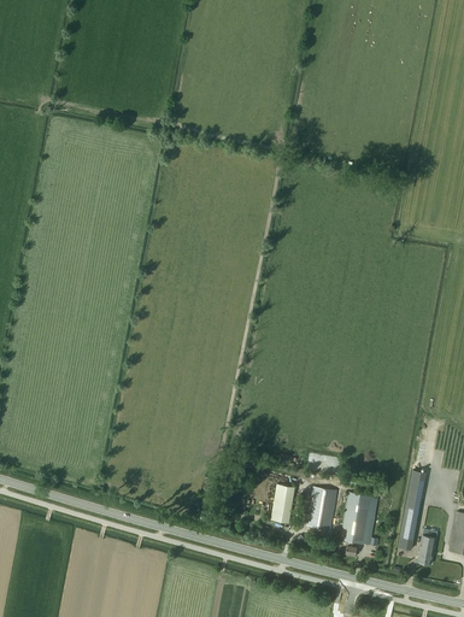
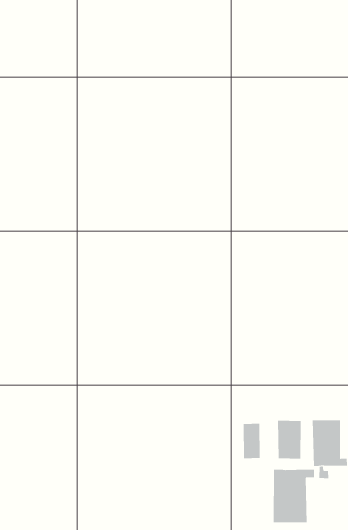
building: none -> [273,469,315,523]

